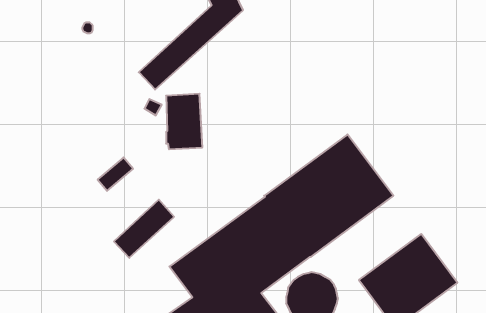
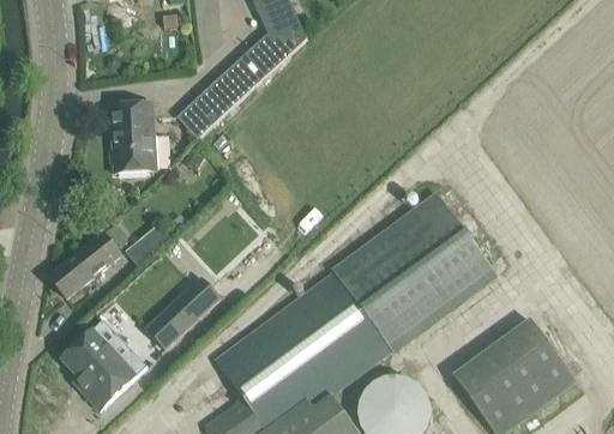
building: [166,94,202,149] -> [110,102,156,171]
building: none -> [49,228,127,297]
building: none -> [61,319,146,410]

